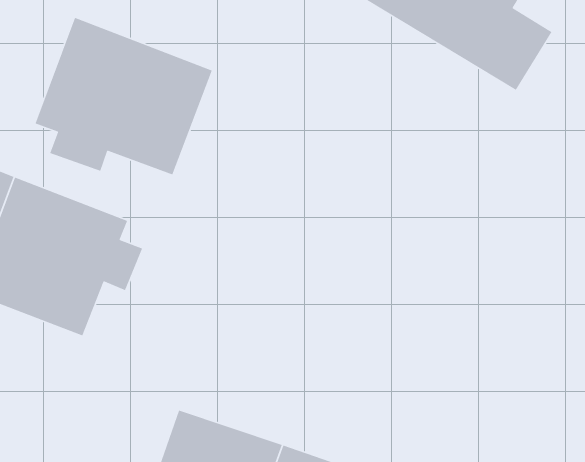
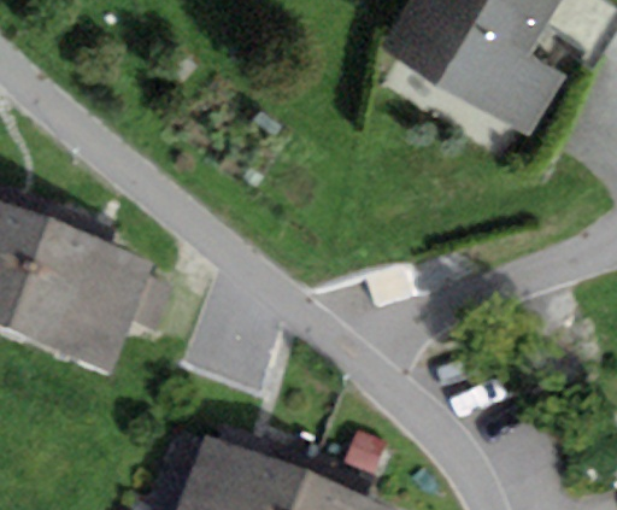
building: [34,17,213,175] -> none

